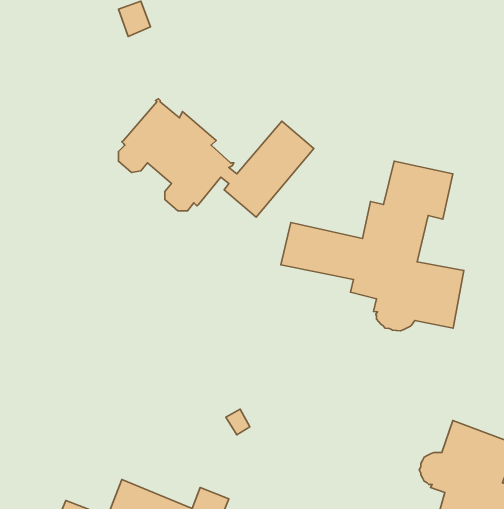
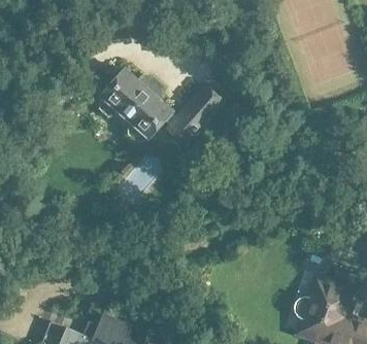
building: [281,161,464,331] -> none

